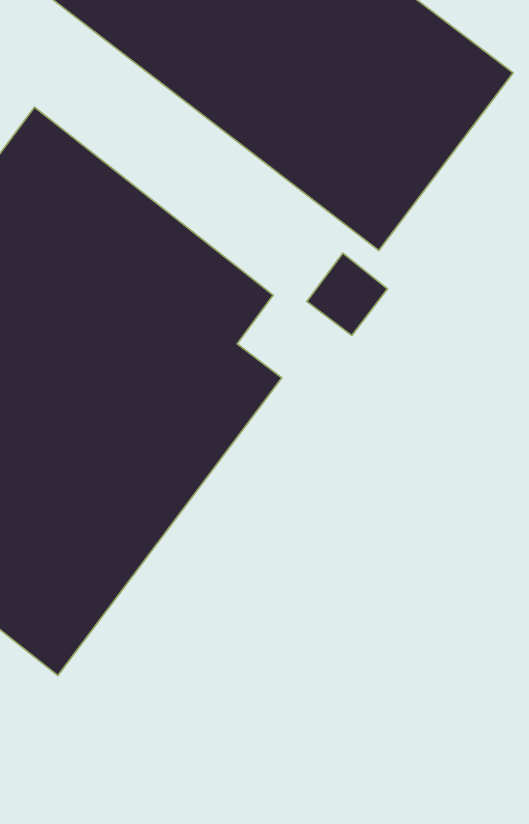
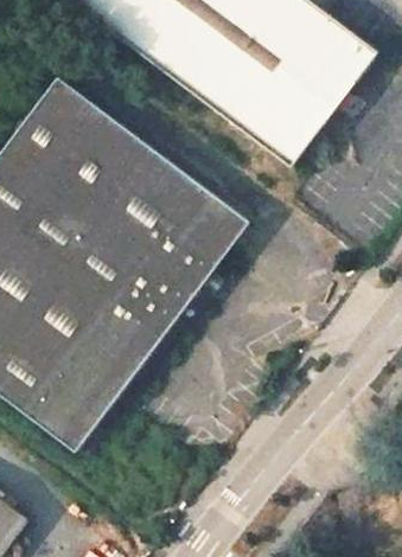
building: [307,253,388,336] -> [196,197,249,251]

